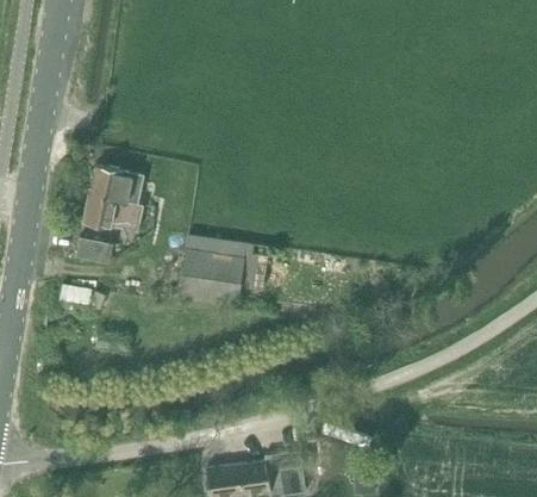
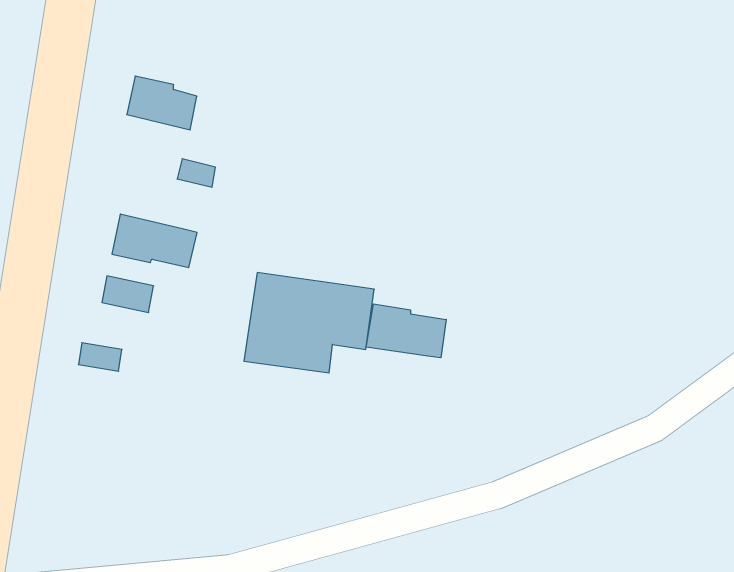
building: [89,166,139,204] -> [127,76,197,130]
building: none -> [366,304,446,358]

